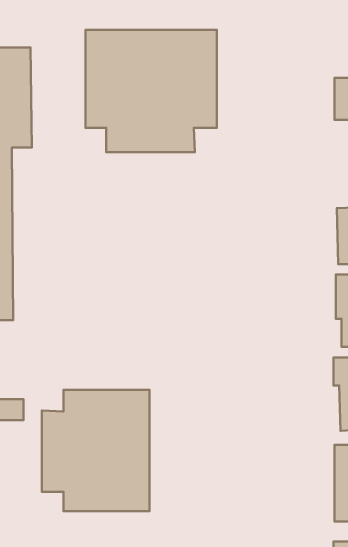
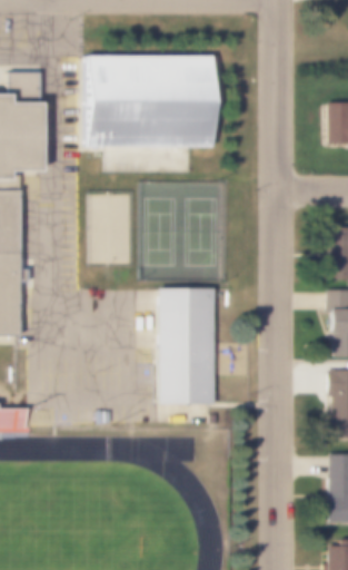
building: none -> [162,289,218,405]
building: [42,390,150,511] -> none

